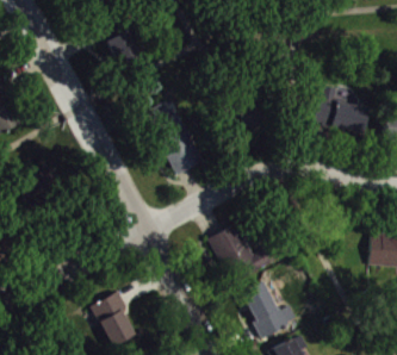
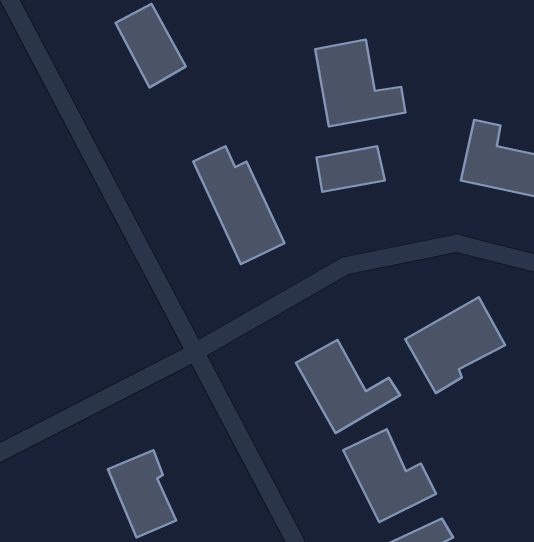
building: none -> [315,39,406,126]
building: none -> [405,297,505,393]

